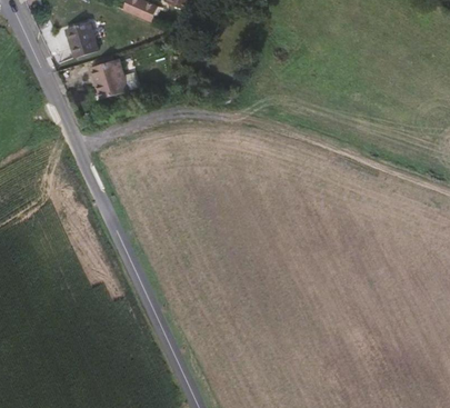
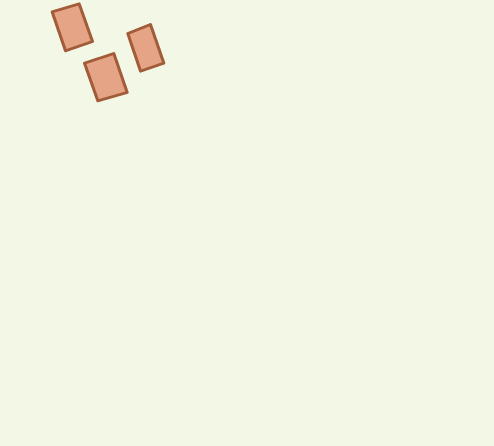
building: none -> [128,24,164,71]

